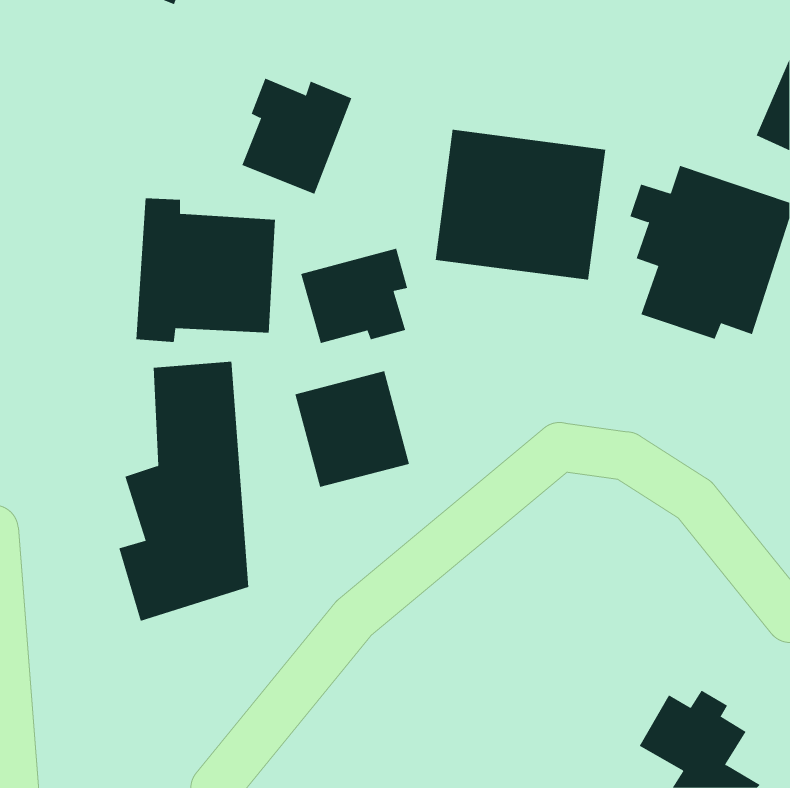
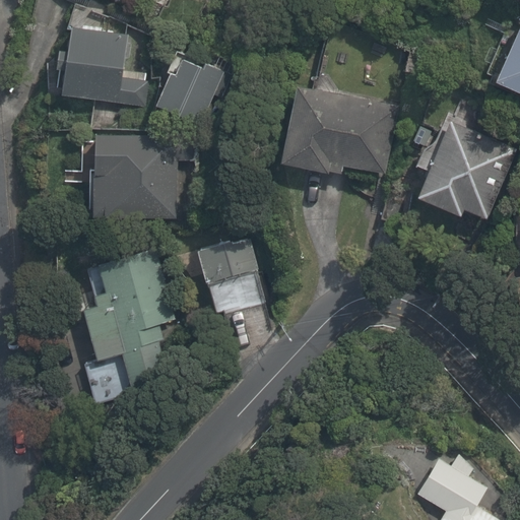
building: none -> [54,25,127,102]
building: [301,248,408,344] -> none

